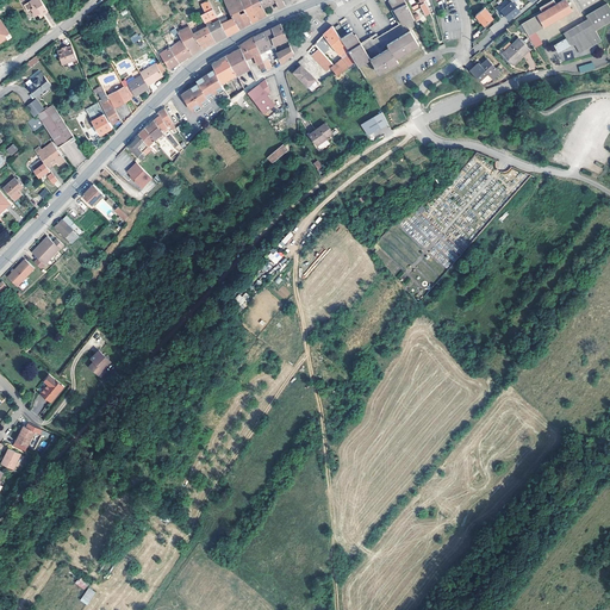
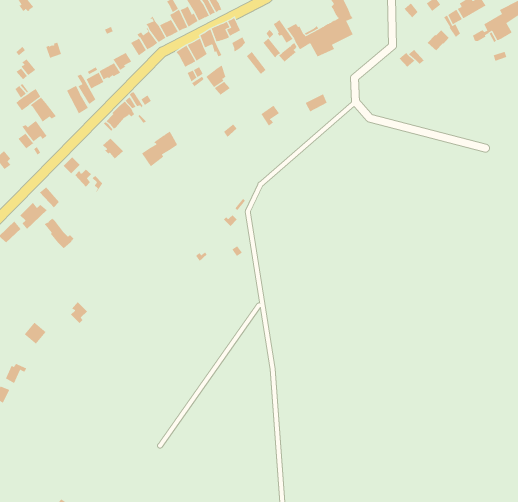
building: [182,69,224,111] -> [141,131,177,167]
building: none -> [44,218,74,249]

